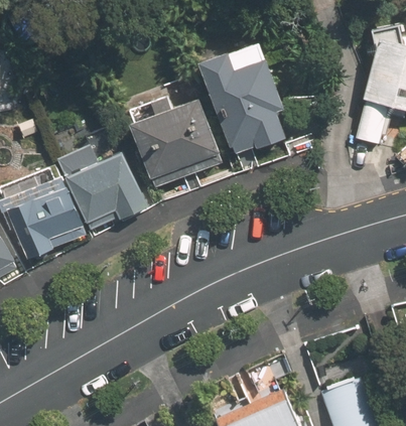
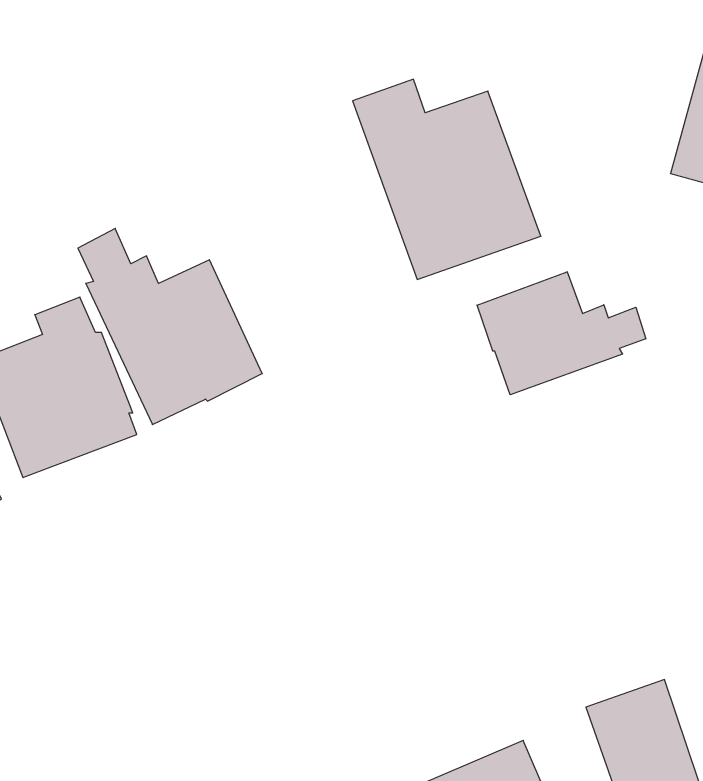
building: [129,97,222,181] -> none
building: none -> [477,272,646,395]

